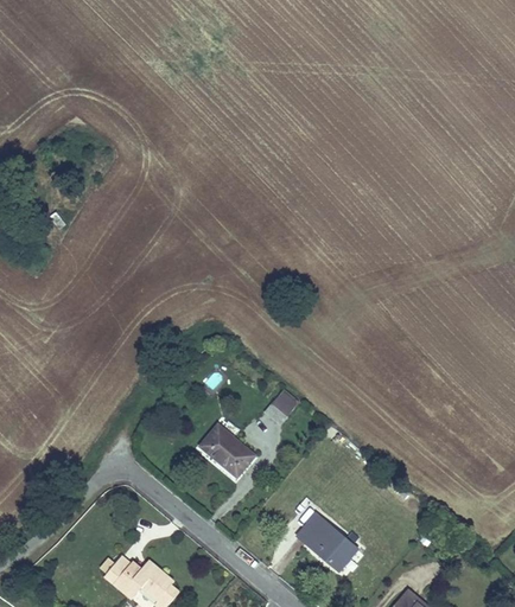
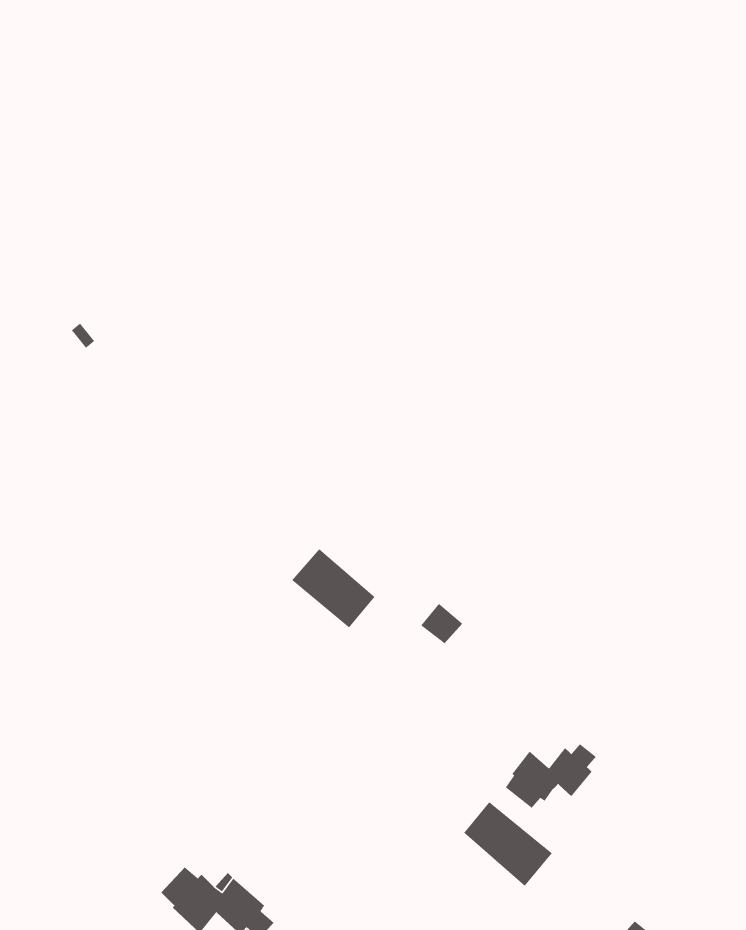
building: [199,426,253,477] -> [291,548,375,629]
building: none -> [505,743,597,809]

